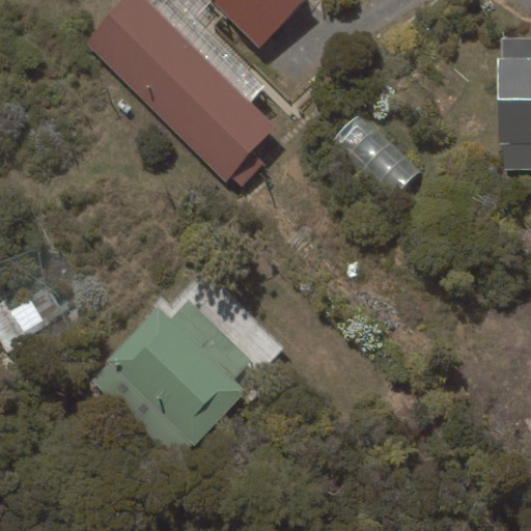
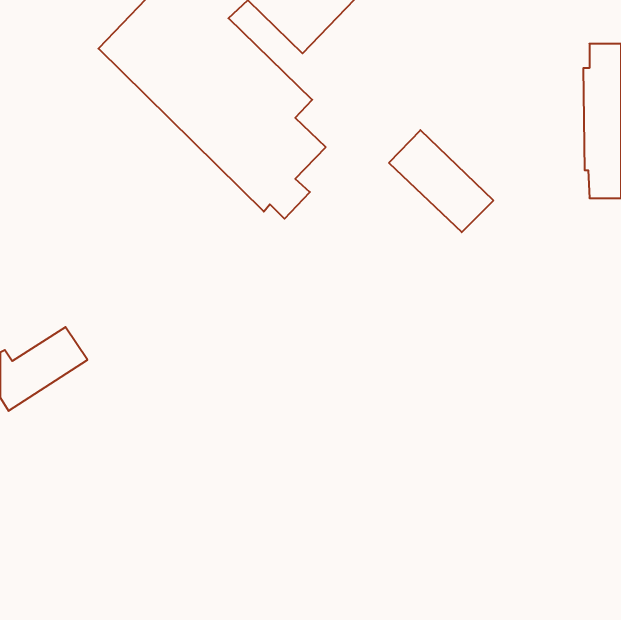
building: [90,300,253,459] -> none

